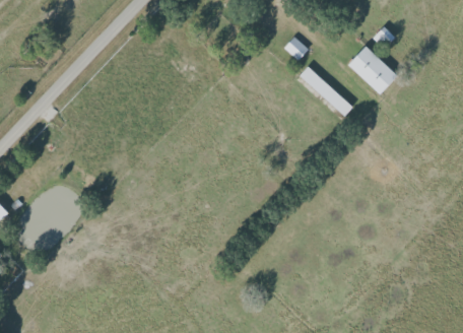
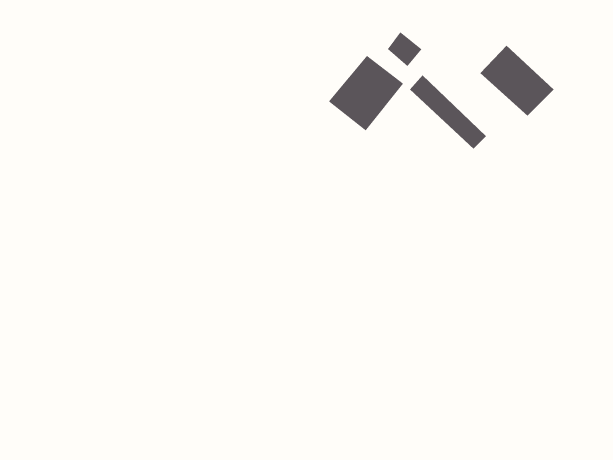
building: none -> [328,55,404,132]

